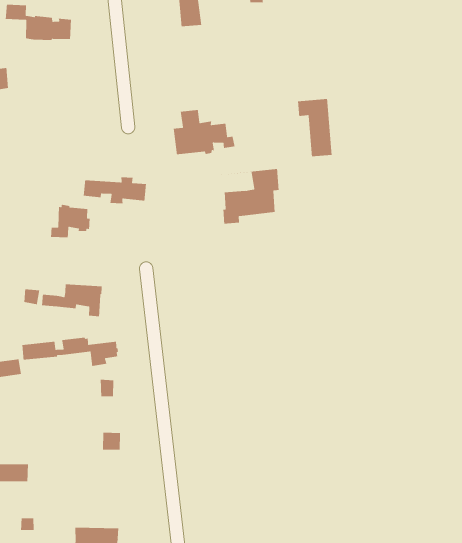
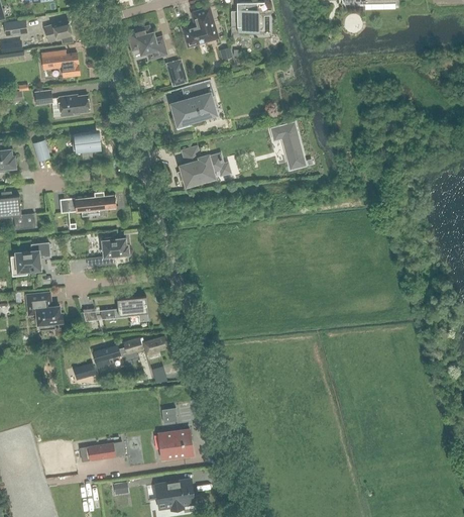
building: none -> [71,132,98,158]
building: [203,168,279,225] -> [153,79,214,129]
building: [83,176,147,206] -> [66,191,115,214]
building: none -> [159,430,191,458]

